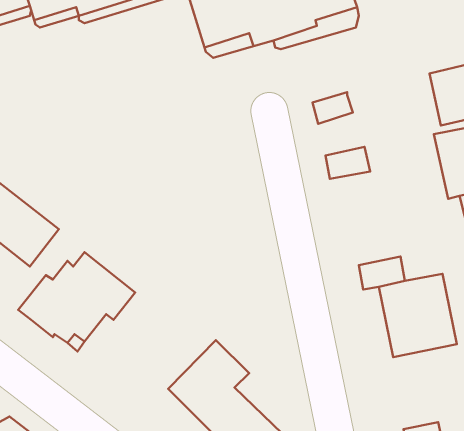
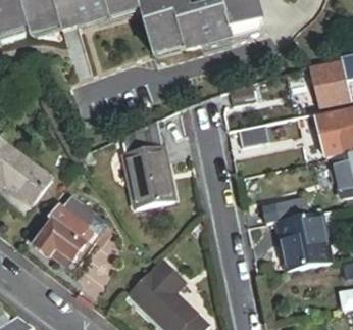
building: none -> [125,116,180,206]

